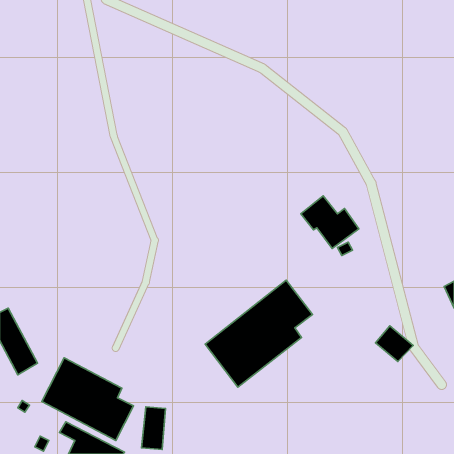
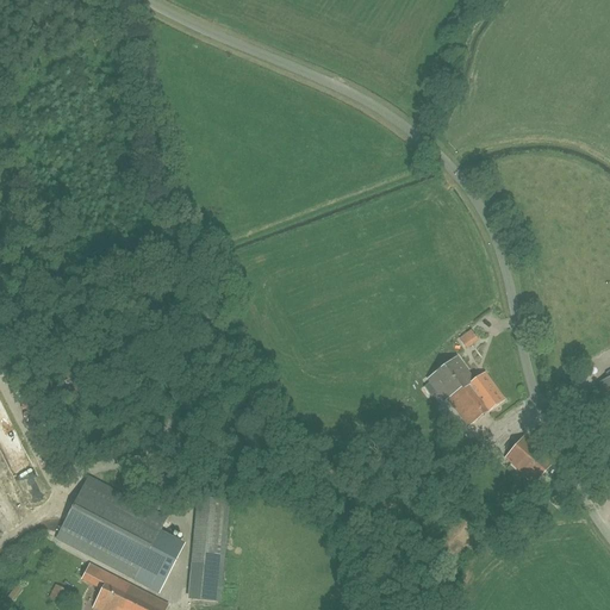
building: [301,196,359,248] -> [425,356,503,427]
building: [205,280,312,387] -> none

